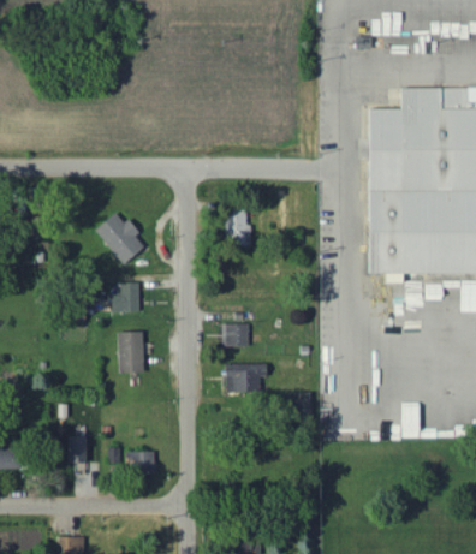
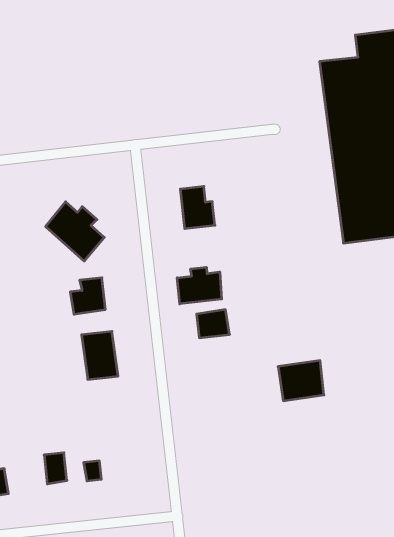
building: none -> [177,267,222,304]
building: [224,363,262,395] -> [278,361,324,401]
building: [124,451,155,472] -> none

